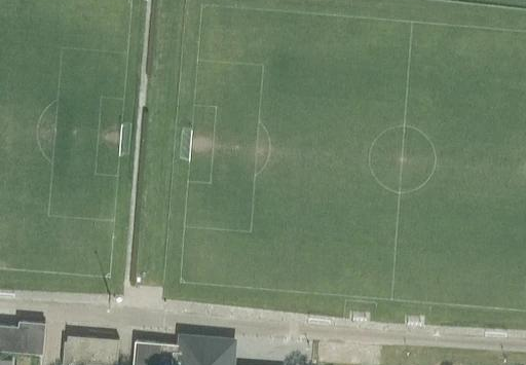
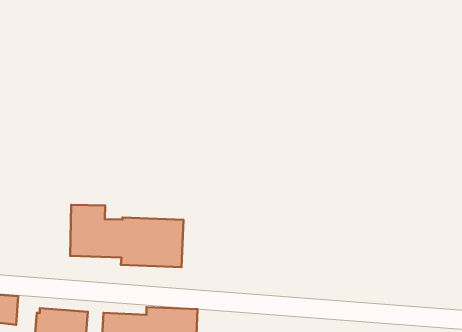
building: none -> [70,205,183,267]

